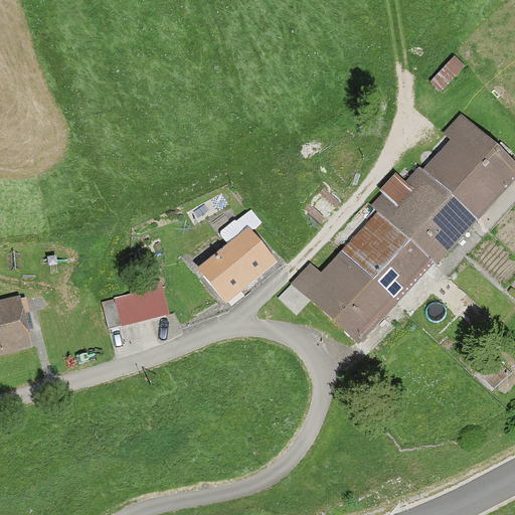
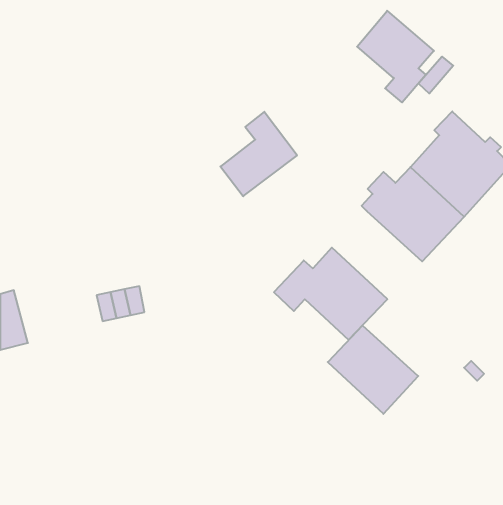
building: none -> [357,11,434,102]
building: [341,213,433,303] -> [328,325,418,414]
building: [196,215,274,301] -> [220,112,297,196]

